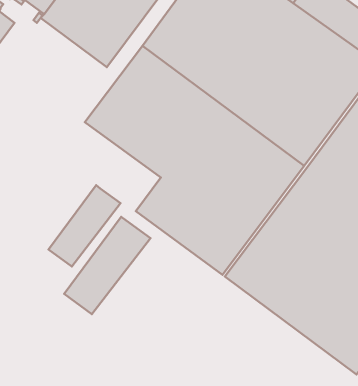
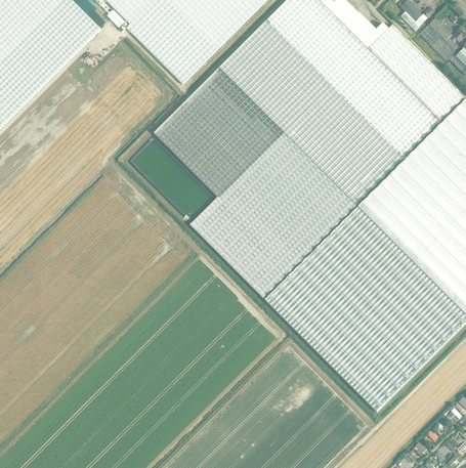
building: [49,185,121,267] -> none
building: [64,217,150,314] -> none

